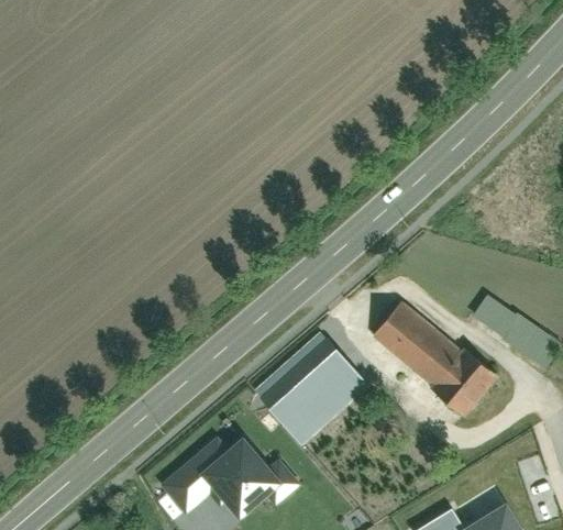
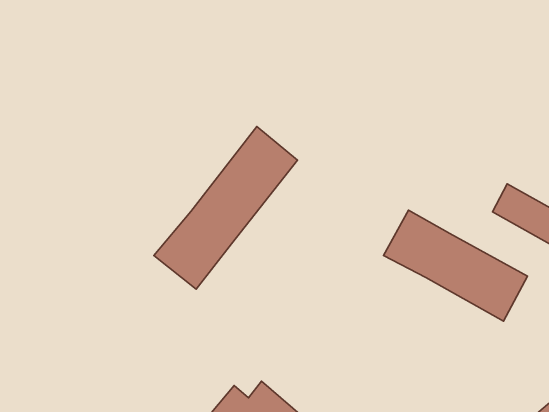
building: none -> [154,127,298,289]
building: [261,338,368,443] -> none

